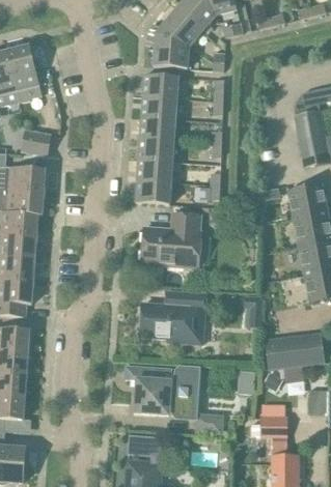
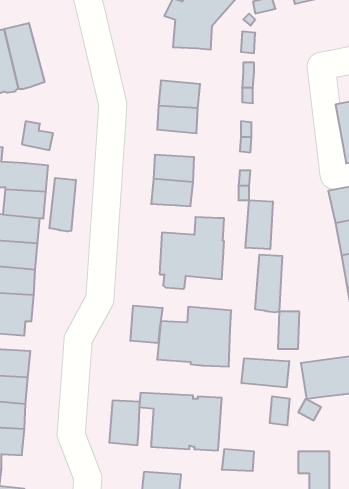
building: [143,75,178,98] -> none
building: [138,138,174,162] -> none
building: none -> [49,178,76,232]
building: none -> [245,200,273,249]
building: none -> [255,255,282,312]
building: none -> [130,306,163,343]
building: none -> [242,358,289,387]
building: none -> [110,400,139,445]

